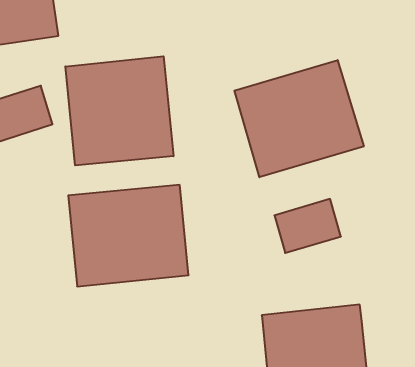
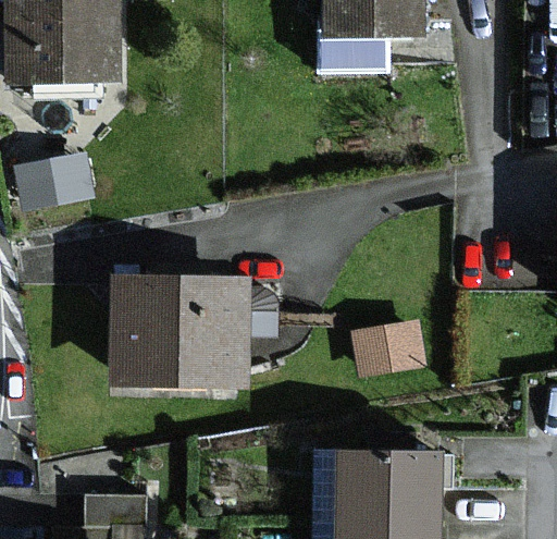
building: [65,56,173,165] -> none
building: [234,60,364,177] -> none

